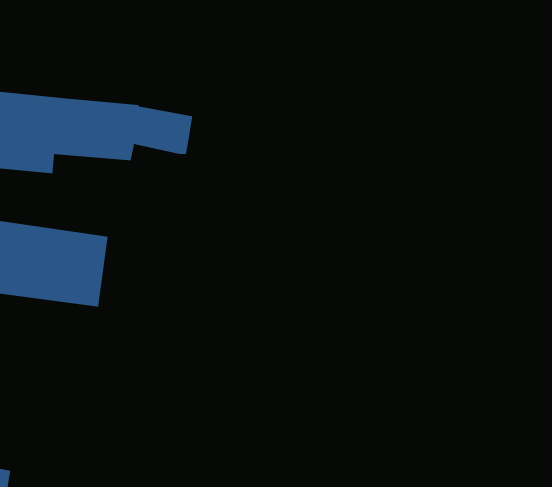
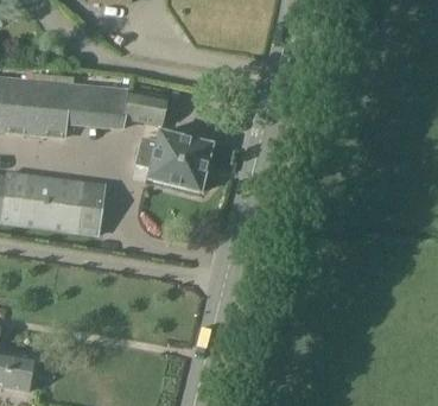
building: none -> [134,128,214,194]

